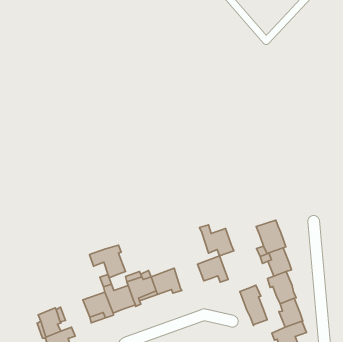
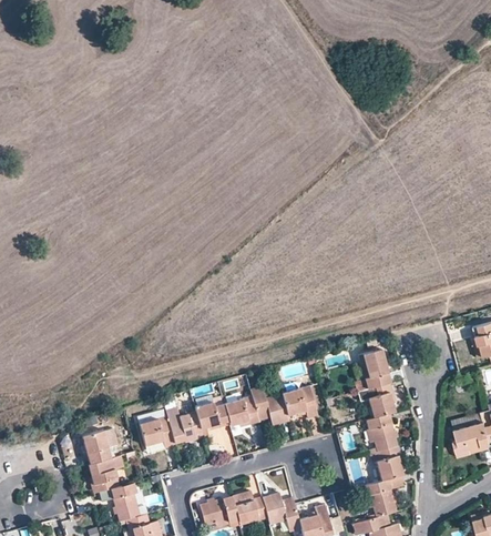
building: [200,225,234,256] -> [252,387,290,426]
building: [90,245,126,278] -> none
building: [240,285,267,325] -> none

